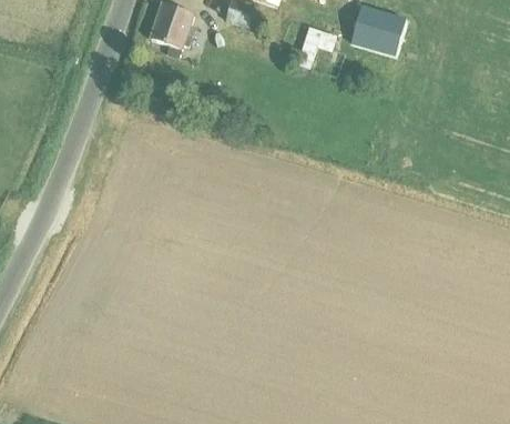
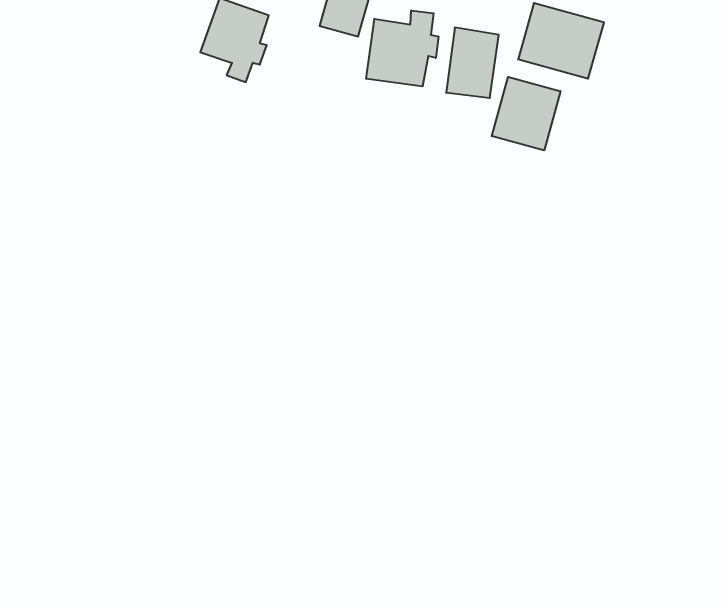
building: none -> [366,10,438,86]
building: none -> [492,77,560,150]

